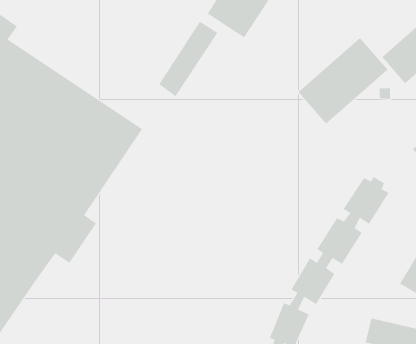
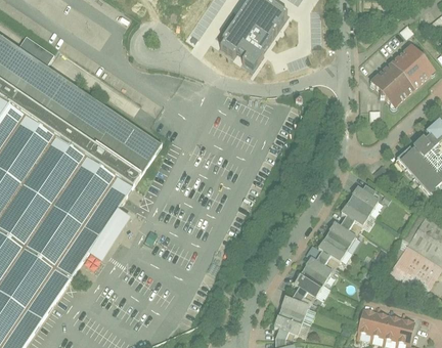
building: [158,21,218,97] -> none
building: [297,37,389,124] -> none

